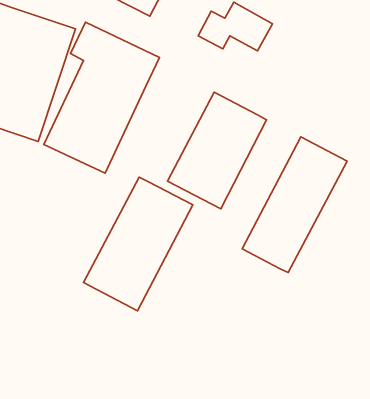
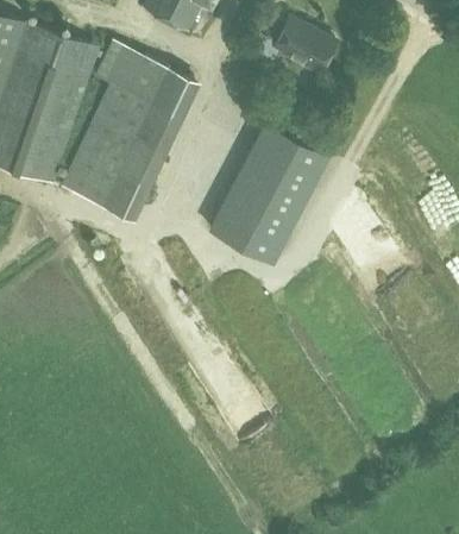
building: [242,137,347,273] -> none
building: [83,177,193,311] -> none

